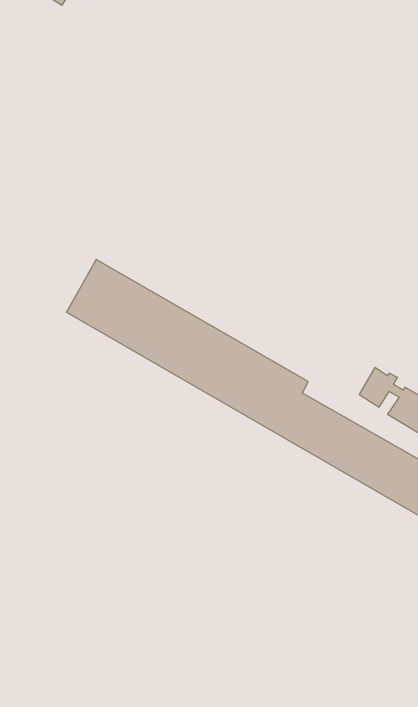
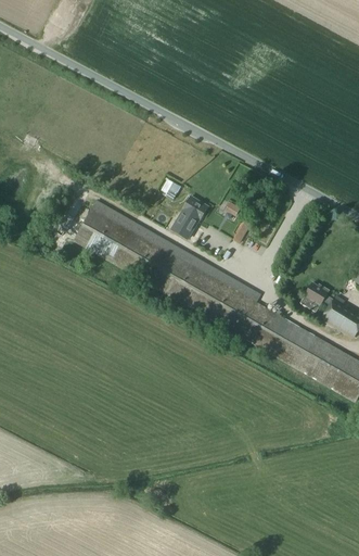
building: none -> [178,194,207,238]

